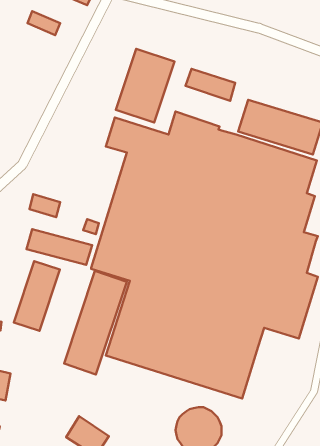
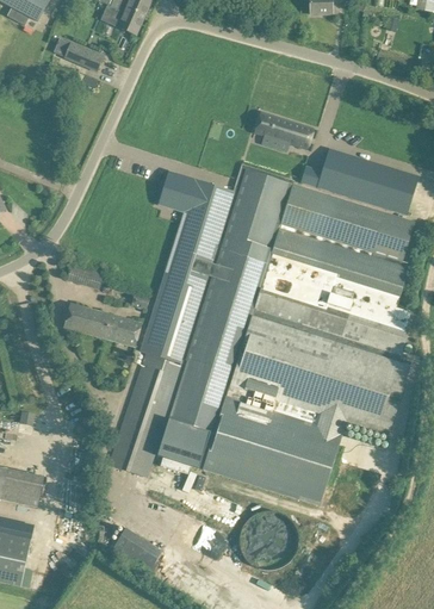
building: [116,49,175,122] -> none
building: [14,261,60,331] -> none

